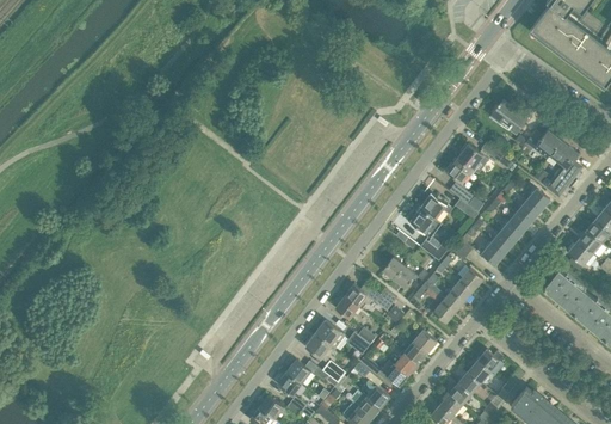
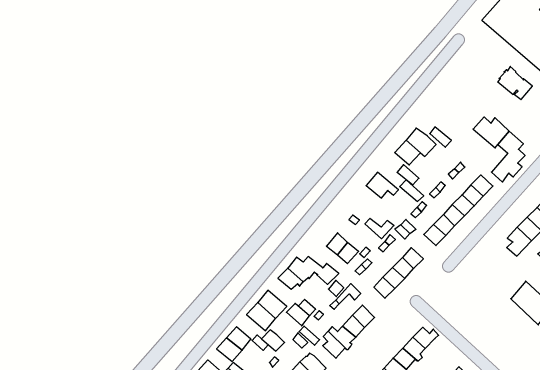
building: [492,99,527,133] -> [498,66,532,100]
building: [408,207,442,238] -> none
building: [544,270,590,314] -> none

